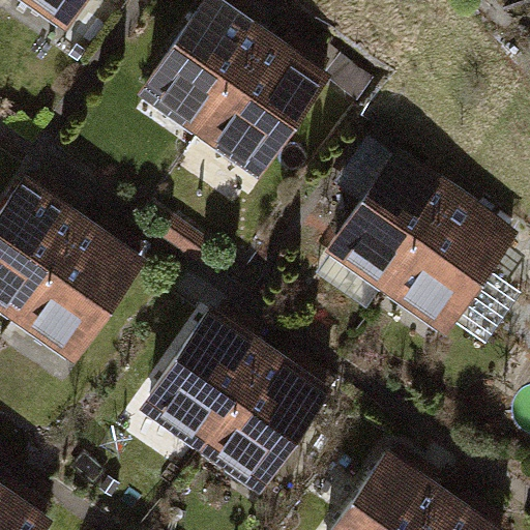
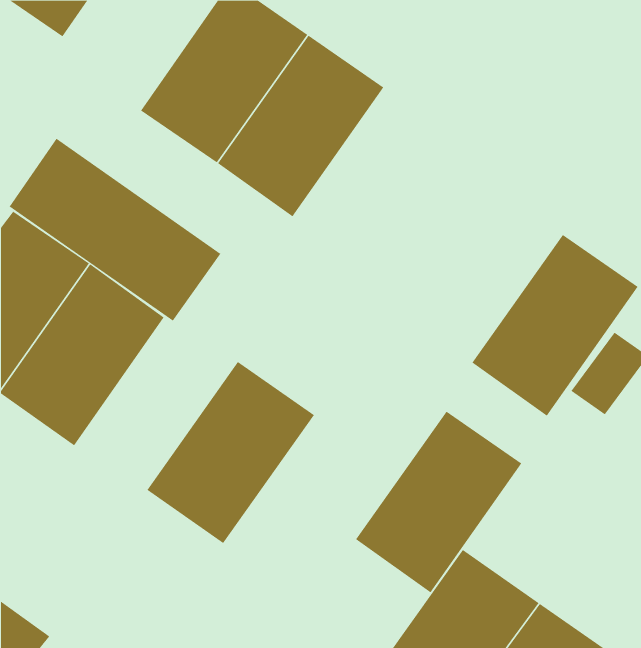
building: none -> [9,138,221,321]
building: [330,152,466,299] -> none
building: [193,342,327,489] -> [355,411,522,593]

